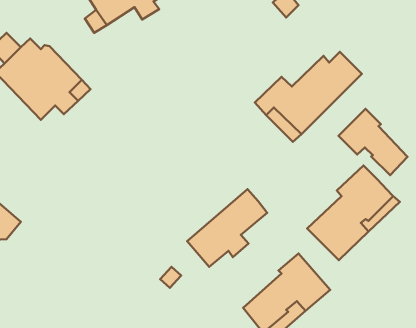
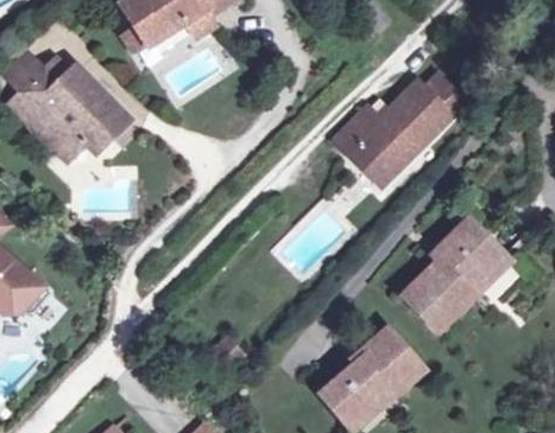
building: [338,109,407,175] -> none
building: [187,189,267,267] -> none

